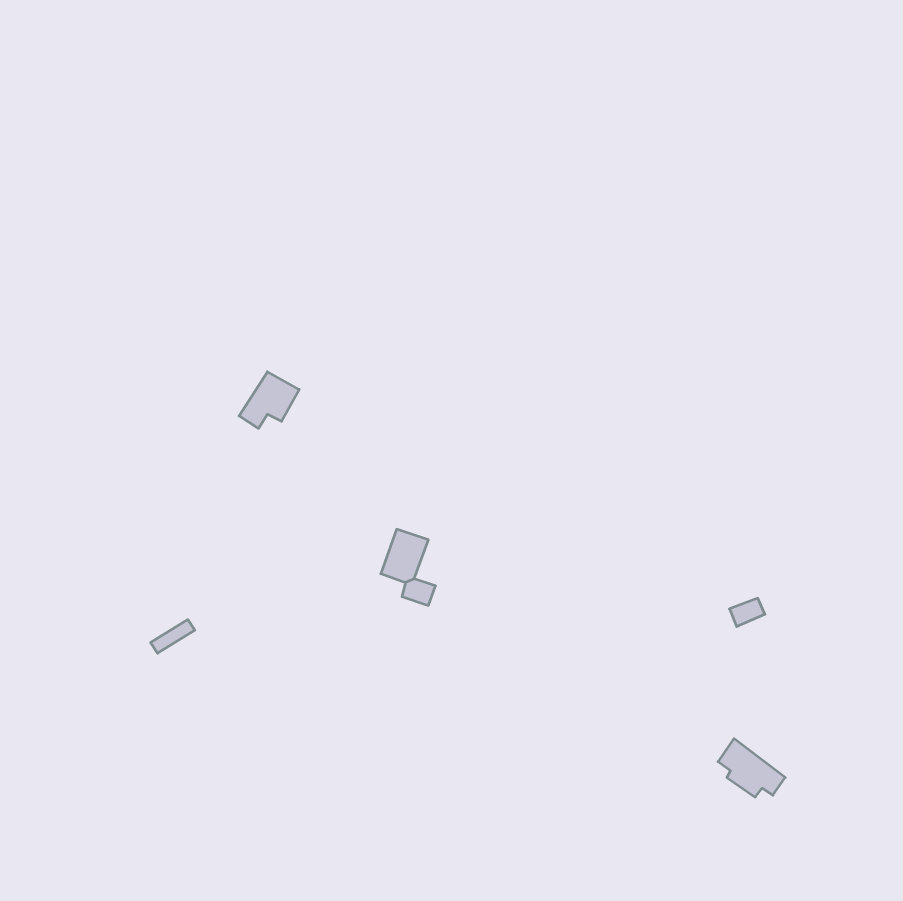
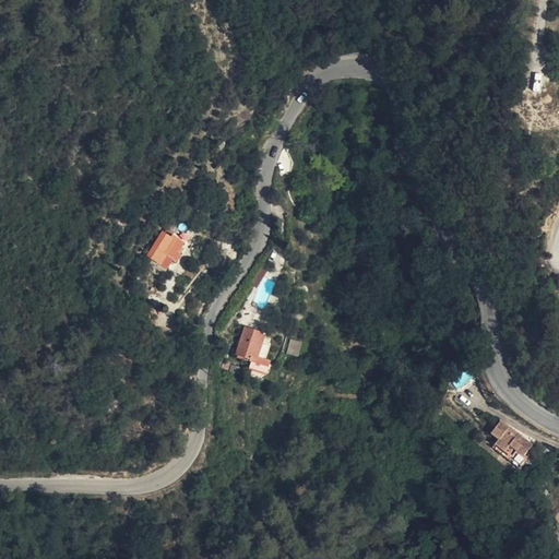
building: [718,739,785,797] -> [489,420,531,456]

